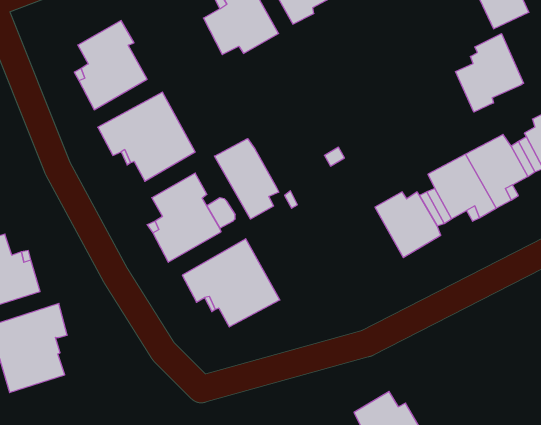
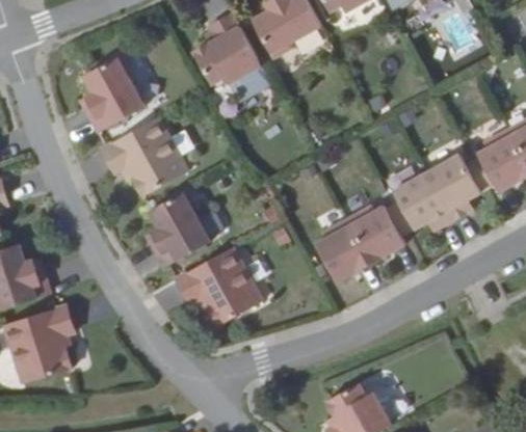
building: [456,34,524,112] -> none
building: [214,139,279,219] -> none
building: none -> [317,219,372,282]

